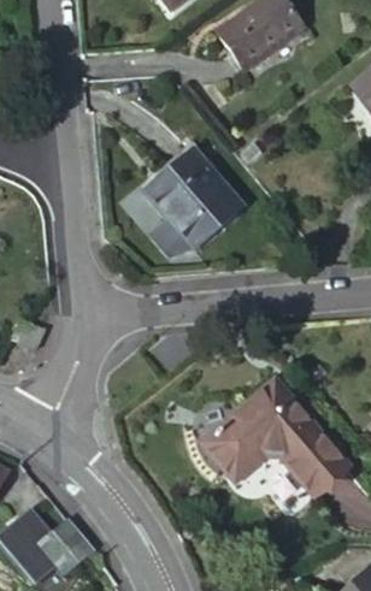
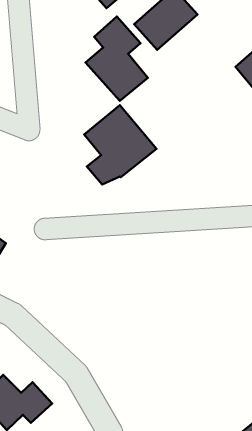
building: none -> [86,17,148,101]
building: [208,389,349,508] -> none

